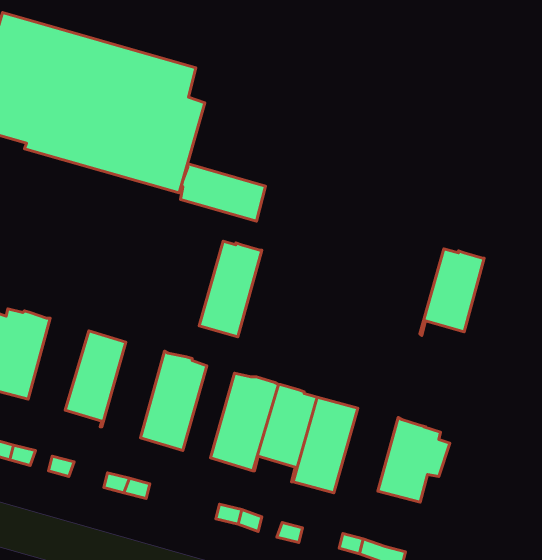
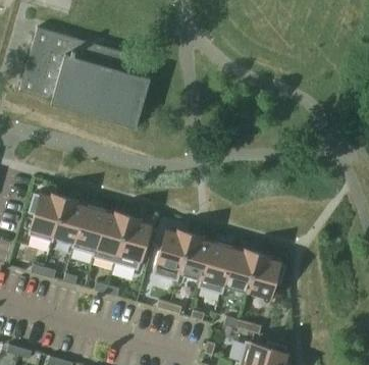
building: [180,164,266,221] -> none
building: [199,241,262,337] -> [93,210,127,263]
building: [420,249,484,336] -> [221,247,257,295]
building: none -> [52,197,86,248]

